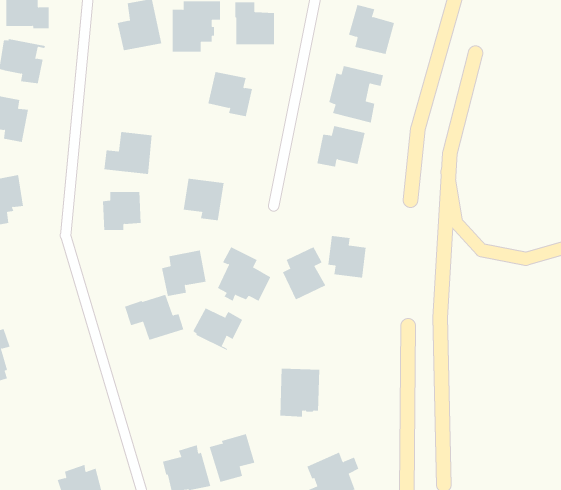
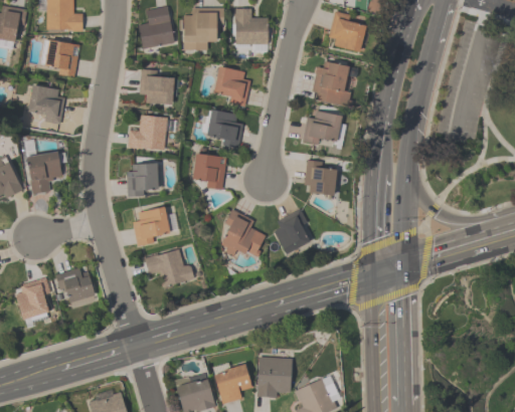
building: none -> [139,69,174,106]
building: none -> [206,111,242,149]
building: [327,235,367,278] -> [304,161,336,196]
building: [161,250,206,296] -> [132,208,169,246]
building: [193,308,243,351] -> none
building: none -> [54,267,95,303]
building: [280,368,320,417] -> [258,357,291,397]

